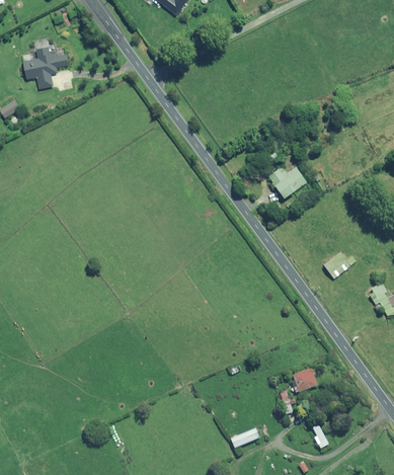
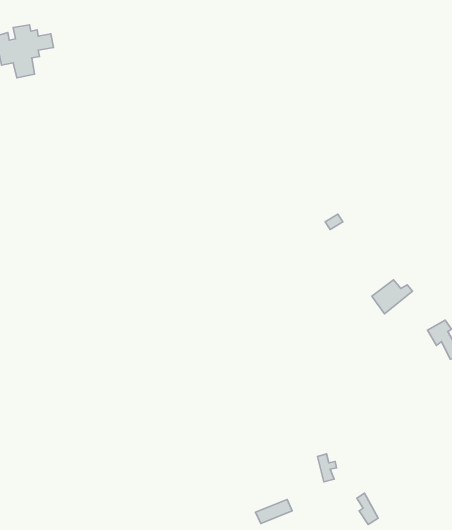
building: [265,166,307,197] -> none
building: [292,367,318,391] -> none

